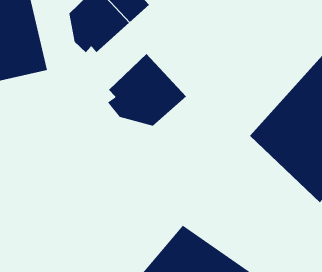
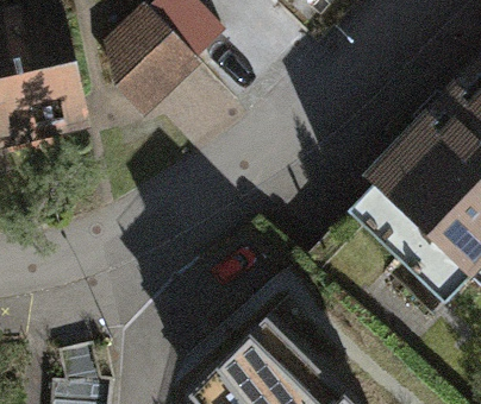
building: [107,53,187,127] -> none

